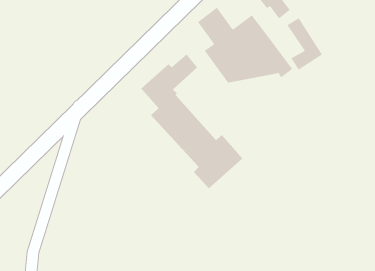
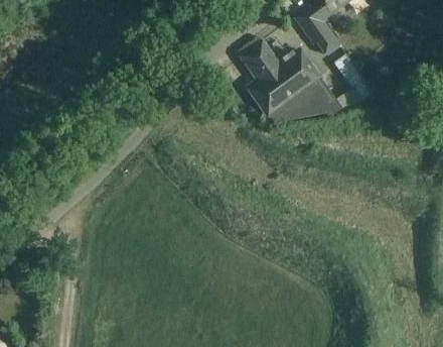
building: [140,54,243,189] -> none

